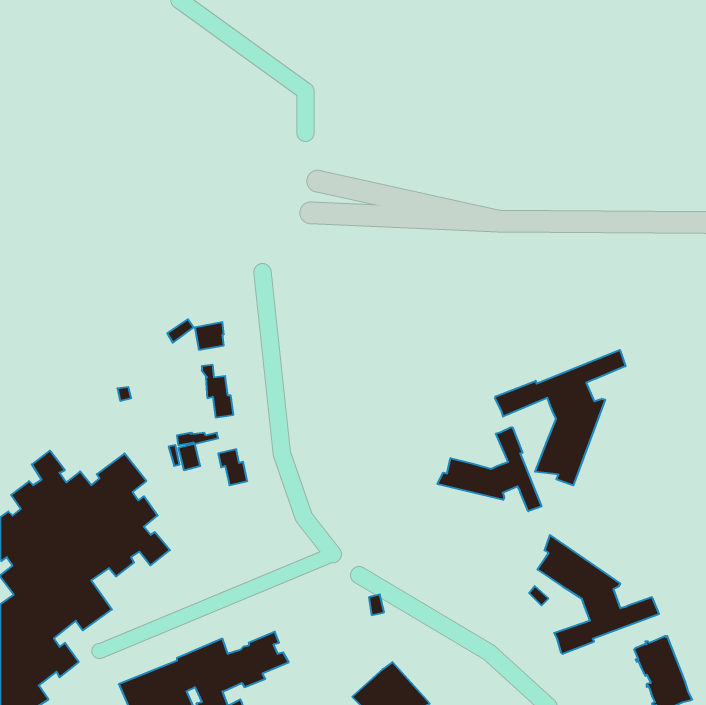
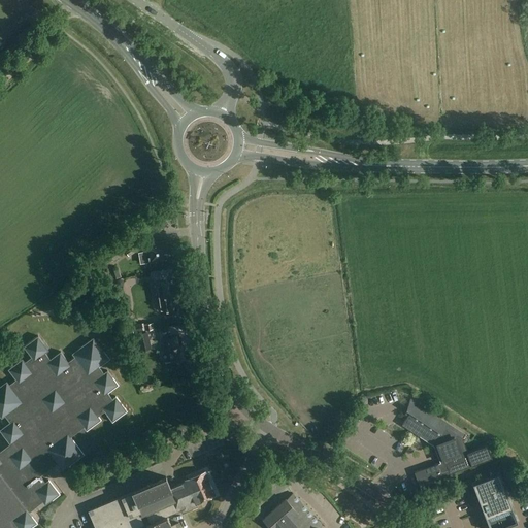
building: [495,350,626,485] -> none
building: [437,427,542,511] -> none

